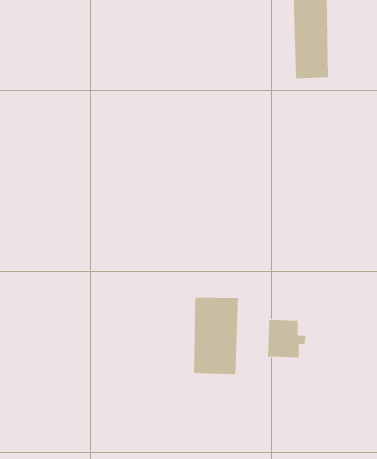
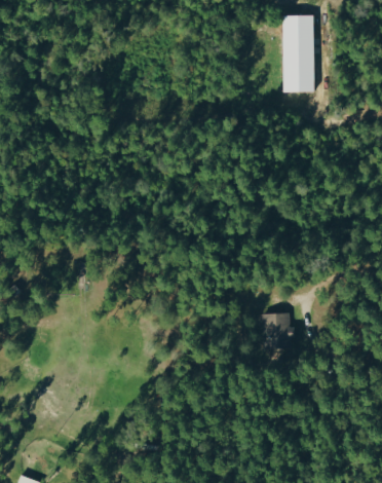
building: [193,297,239,375] -> none

